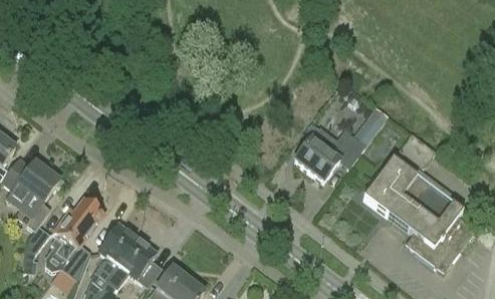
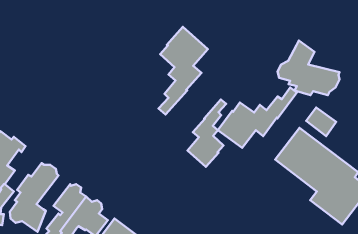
building: none -> [159,27,208,115]
building: none -> [278,40,340,95]
building: none -> [188,99,226,167]

